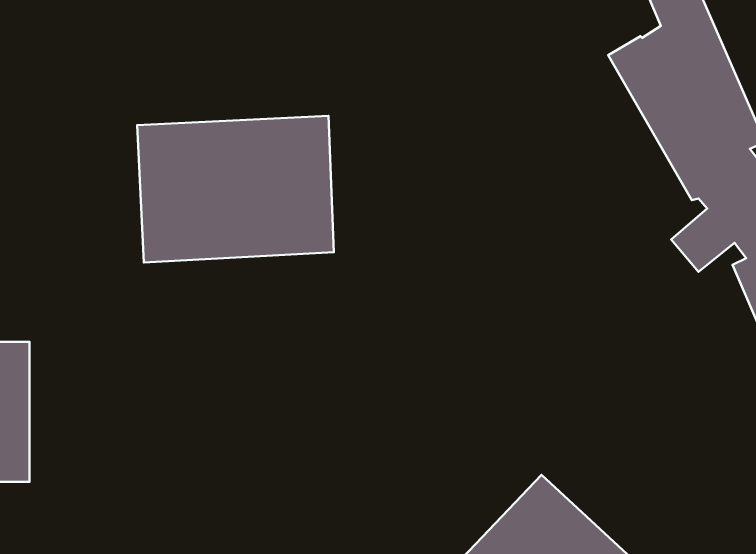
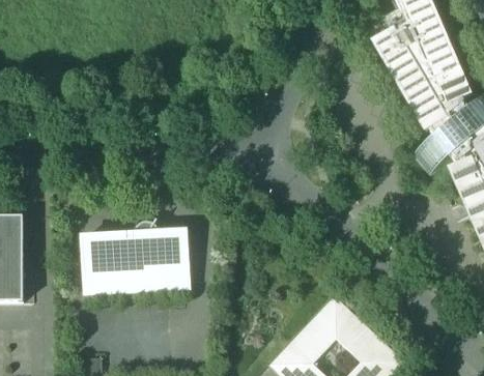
building: [137,116,334,262] -> none
building: none -> [83,221,190,291]

